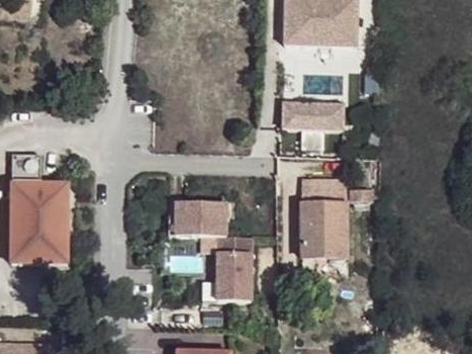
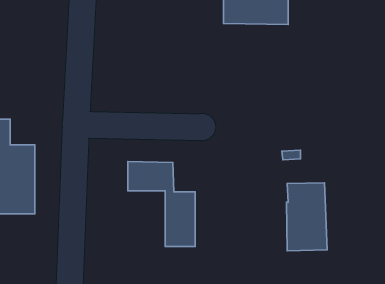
building: [281,102,343,128] -> none
building: [300,179,347,257] -> [286,183,327,251]

